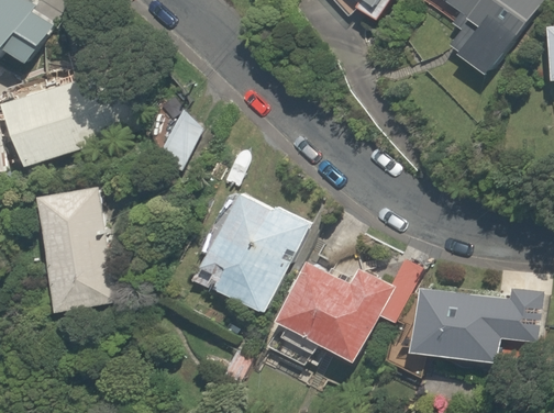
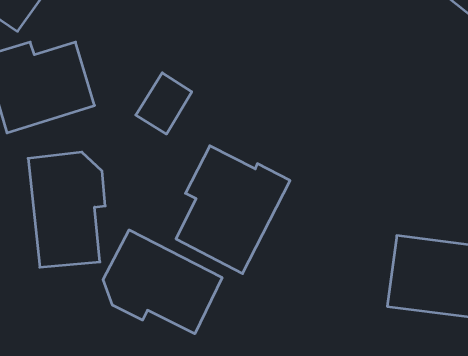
building: [270,254,424,370] -> none
building: none -> [103,230,222,334]

